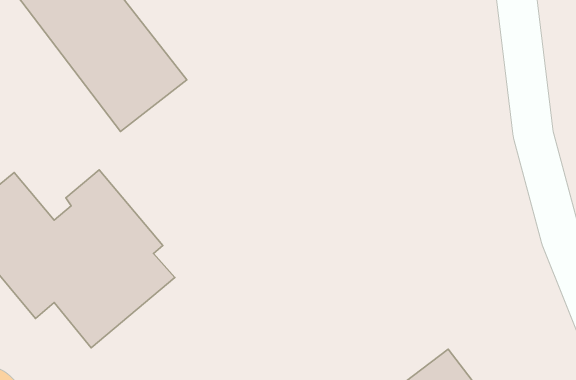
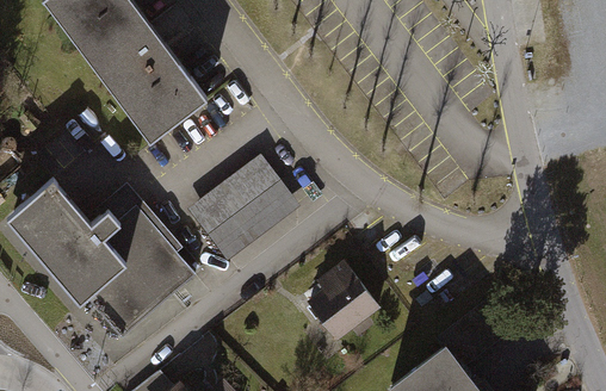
building: none -> [190,151,303,256]
building: none -> [304,253,382,341]

